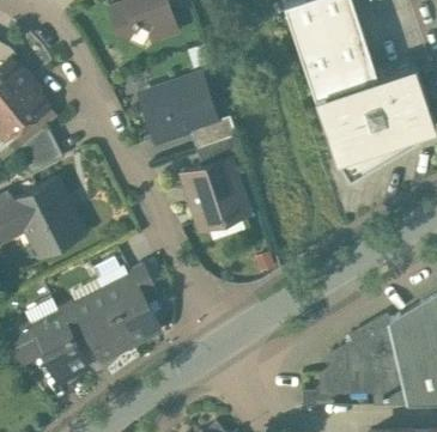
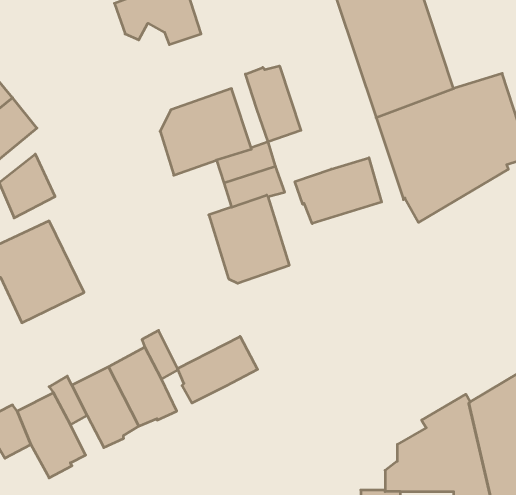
building: none -> [245,66,301,142]
building: none -> [295,158,382,224]
building: none -> [178,336,258,403]

